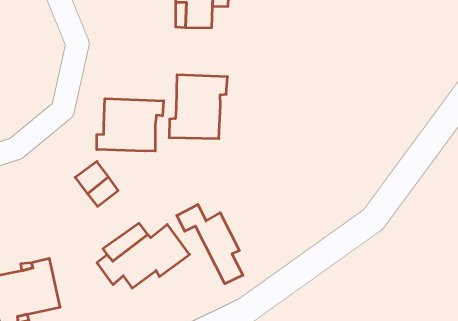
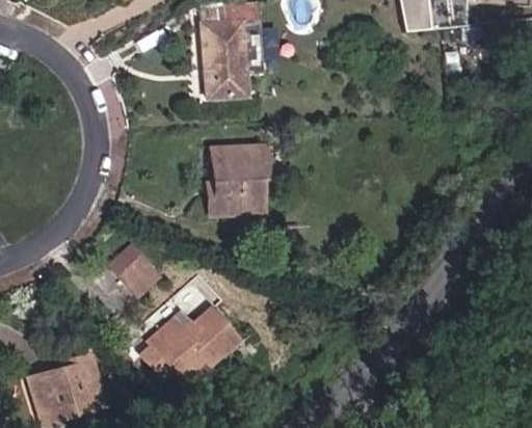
building: [97,99,164,151] -> none
building: [177,204,243,284] -> none

